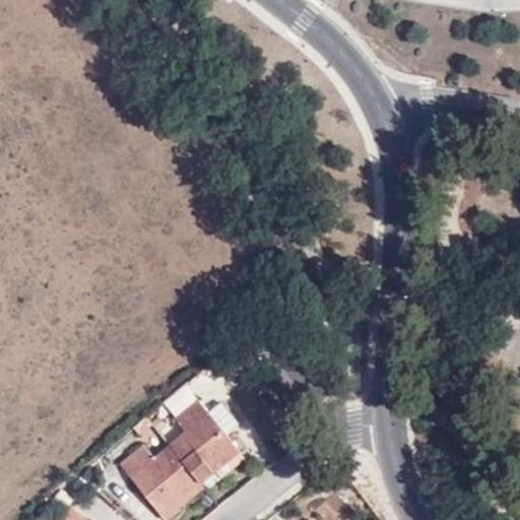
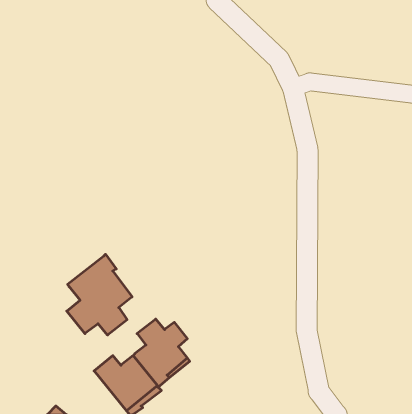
building: none -> [67,254,132,335]

